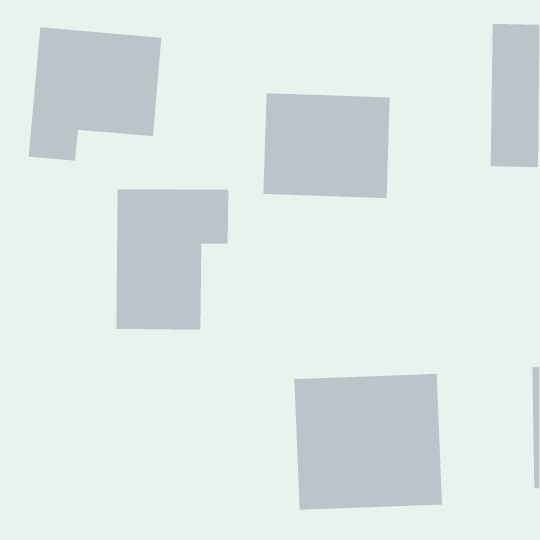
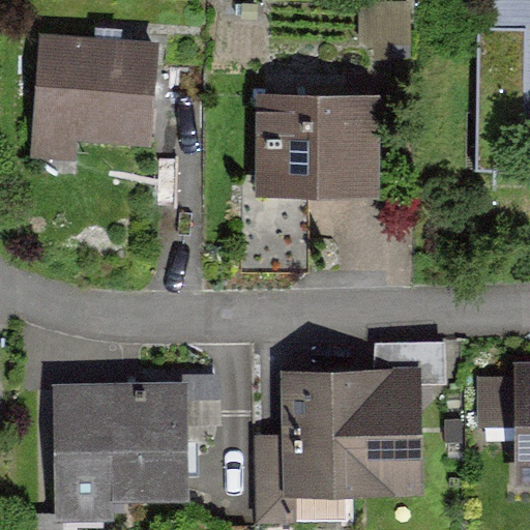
building: [116,189,229,331] -> none
building: none -> [54,385,184,504]

